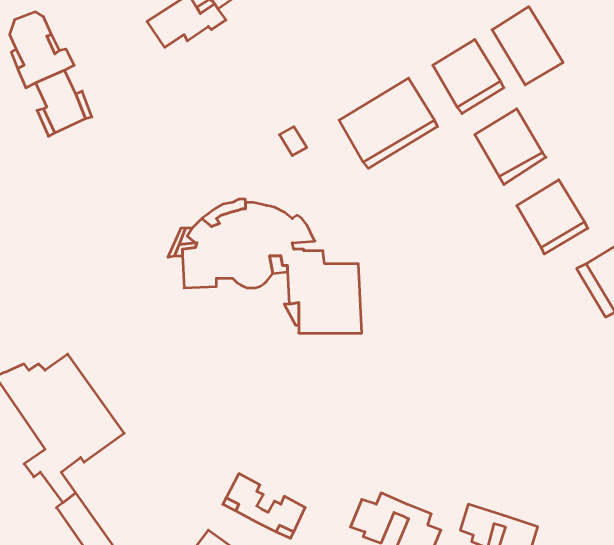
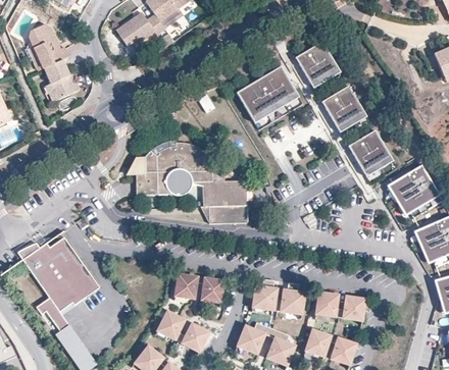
building: [492,7,563,85] -> none
building: none -> [179,275,228,303]
building: none -> [256,281,308,316]
building: none -> [319,295,368,322]

